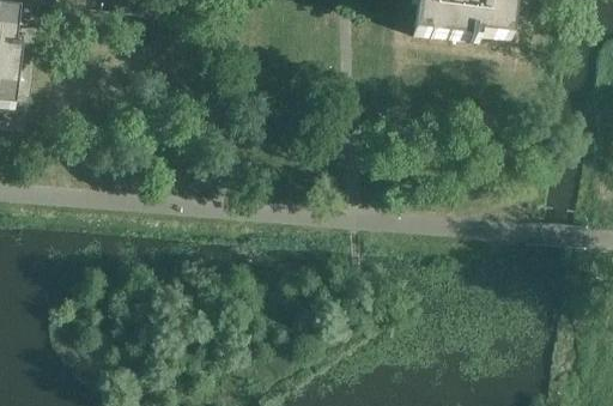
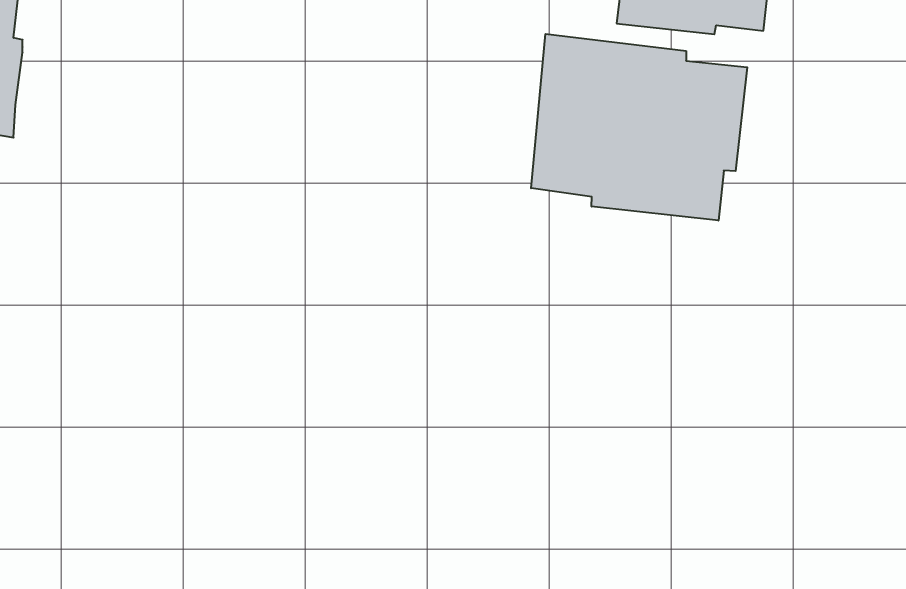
building: none -> [531,34,747,221]

